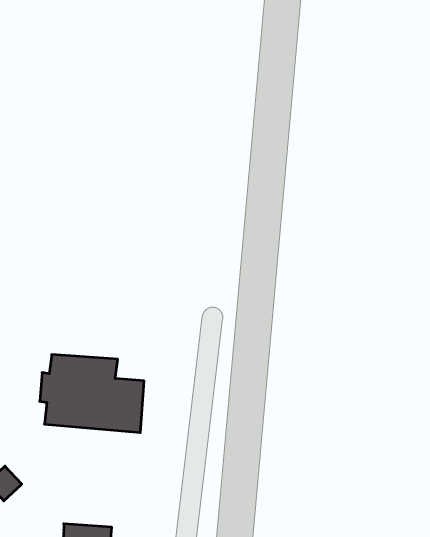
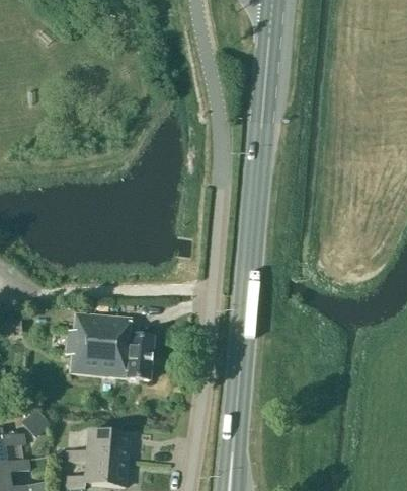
building: none -> [66,430,130,462]

